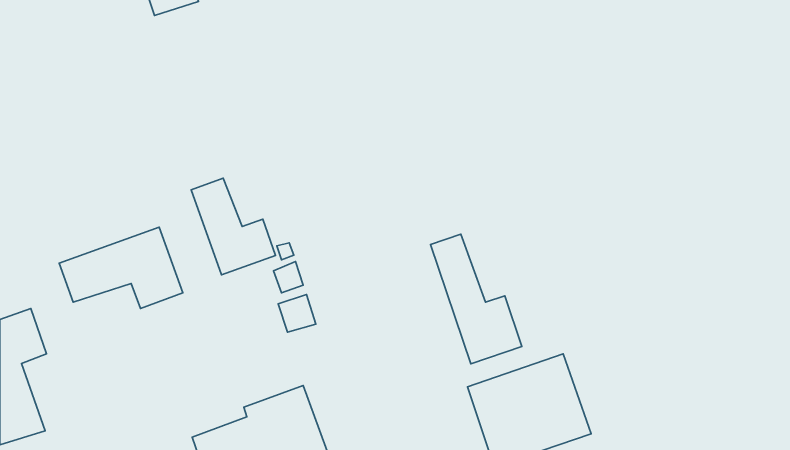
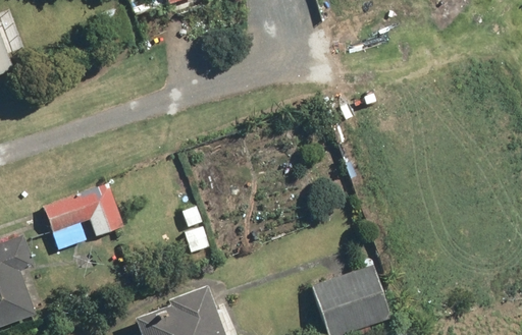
building: [191,178,276,275] -> none
building: [431,234,522,364] -> none

